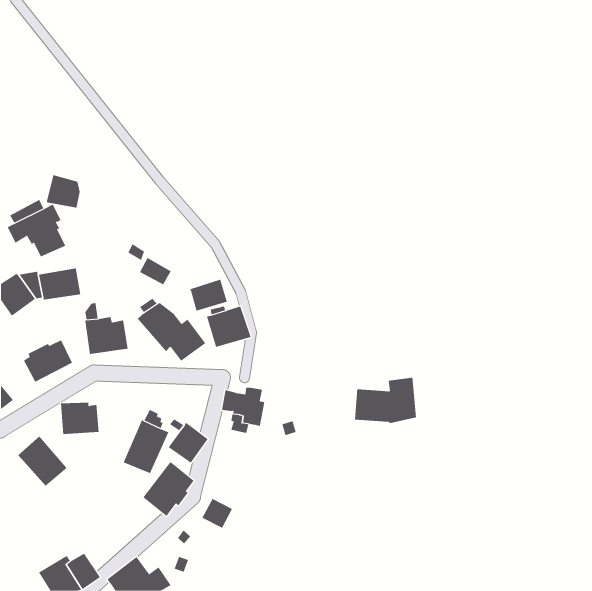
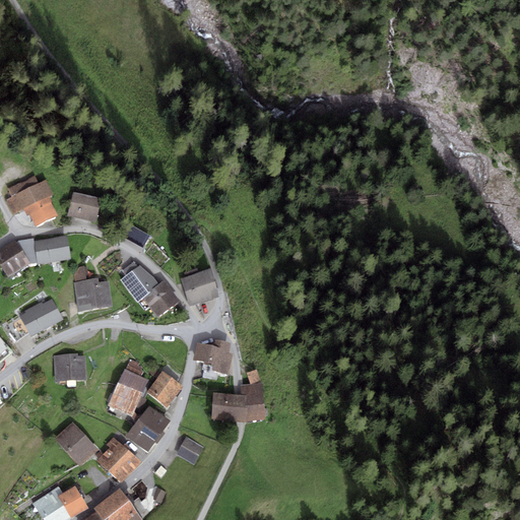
building: [46,175,81,208] -> [68,191,99,220]
building: [190,279,228,311] -> none
building: [354,377,417,423] -> [211,382,266,422]
building: [18,435,67,486] -> [55,420,99,465]
building: none -> [98,438,141,482]

